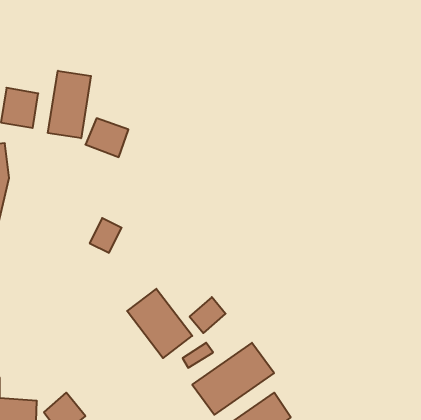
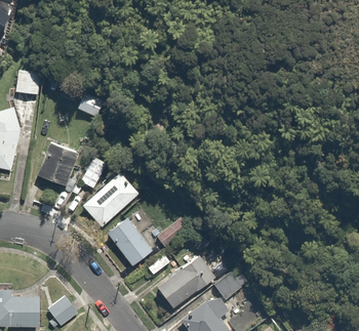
building: [48,71,91,138] -> none
building: none -> [35,142,78,188]
building: none -> [81,172,141,229]
building: none -> [212,270,245,300]

